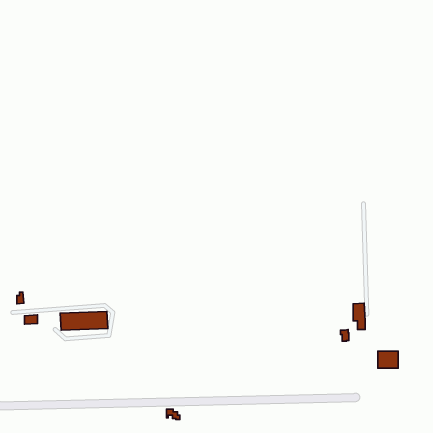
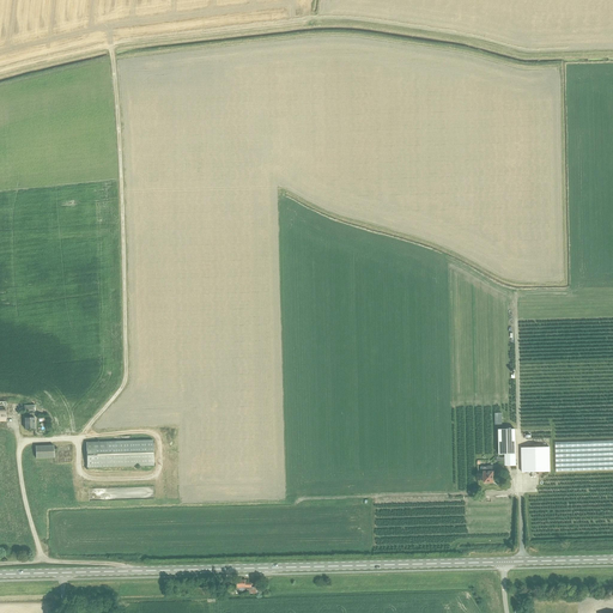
building: [378,351,398,368] -> [521,447,550,471]

